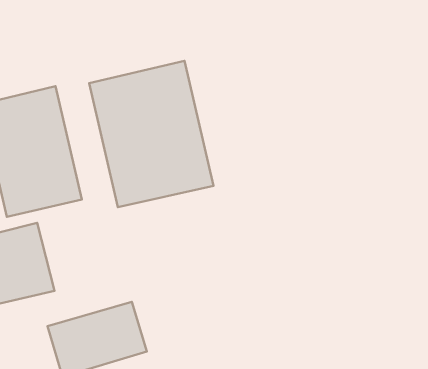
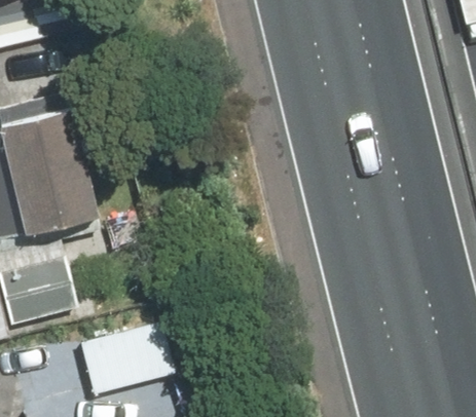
building: [89,61,214,207] -> none

